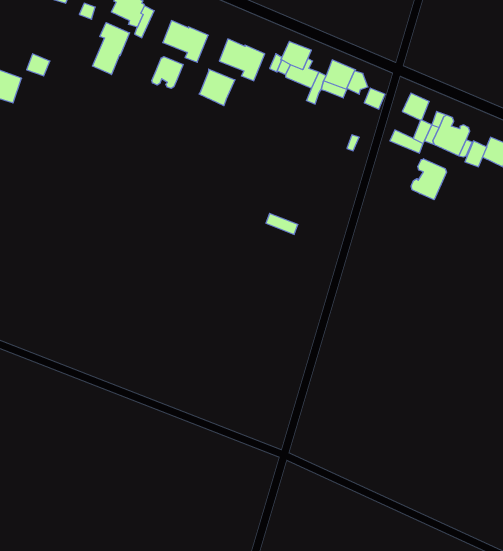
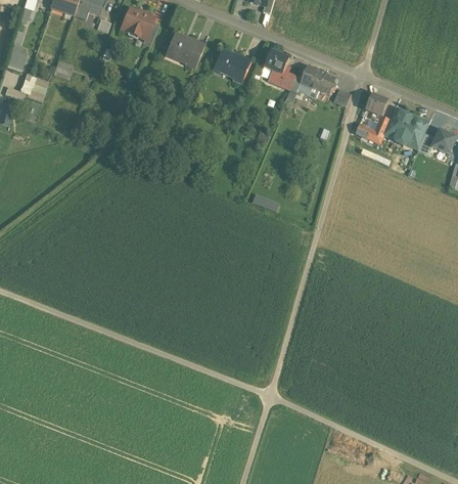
building: [92,23,130,75] -> none
building: [152,57,183,88] -> none
building: [199,69,235,106] -> none
building: [411,159,446,200] -> none

